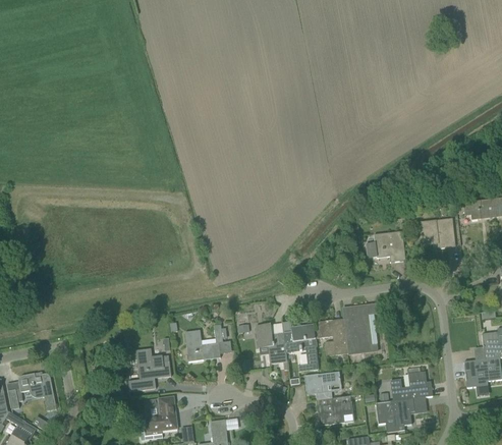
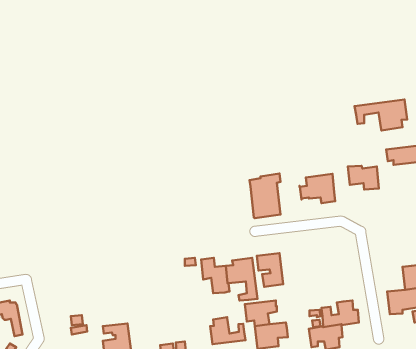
building: none -> [355,100,407,130]
building: [342,303,377,353] -> [249,174,280,218]
building: [184,324,222,360] -> none
building: [127,347,171,391] -> none
building: none -> [210,317,246,344]

